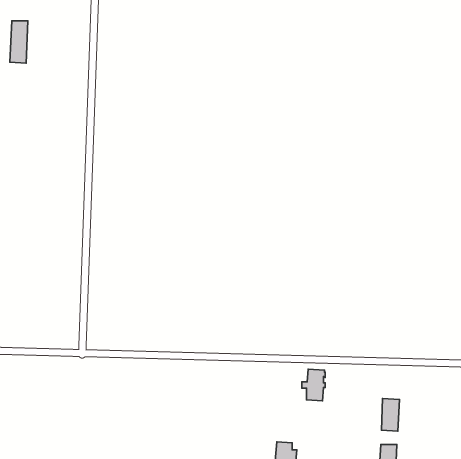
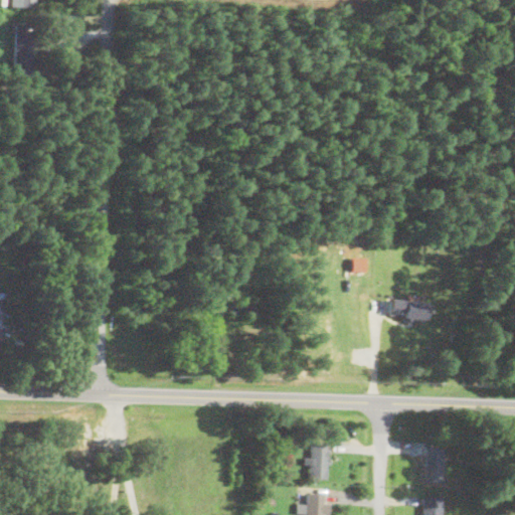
building: none -> [386,300,423,319]
building: [302,369,325,401] -> [305,445,331,480]

